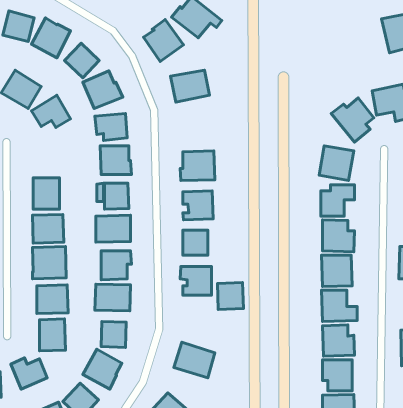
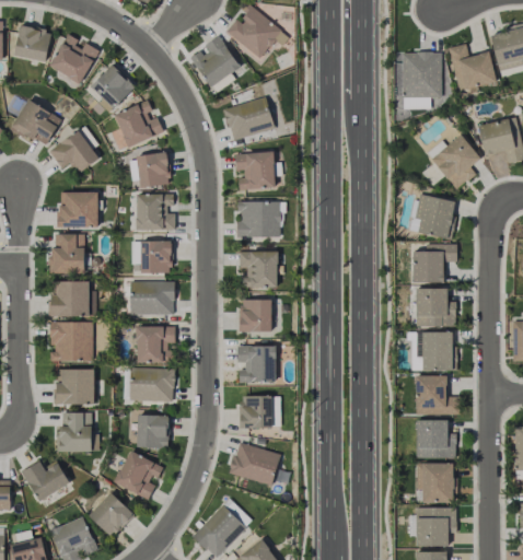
building: none -> [449,44,496,90]
building: none -> [402,51,442,108]
building: none -> [235,152,276,188]
building: none -> [58,191,98,228]
building: [217,283,243,309] -> [240,395,272,429]

